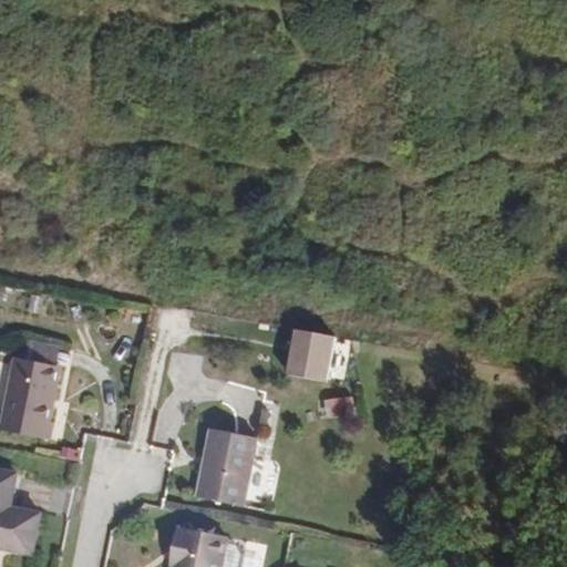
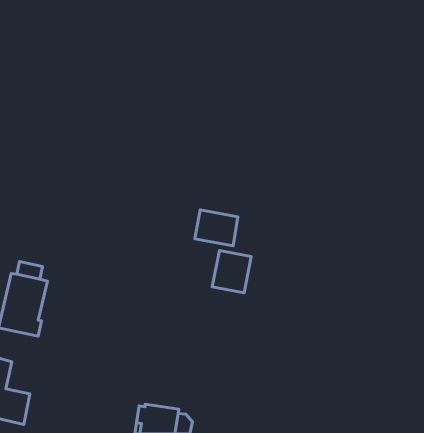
building: none -> [195,210,238,246]
building: [197,427,256,506] -> none

